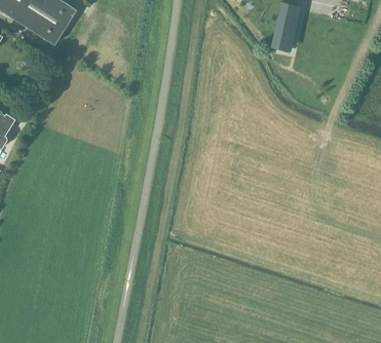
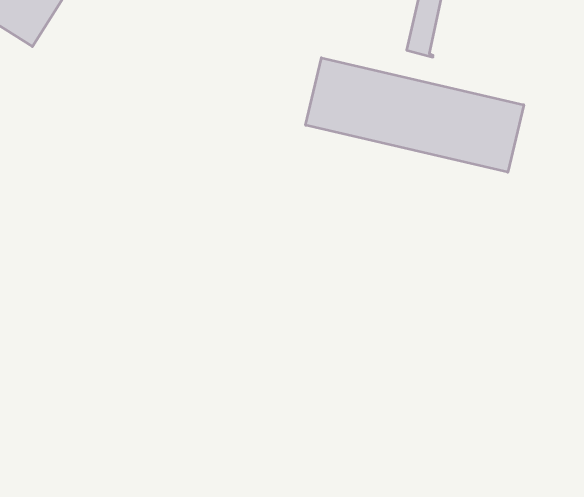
building: none -> [306,58,524,172]

